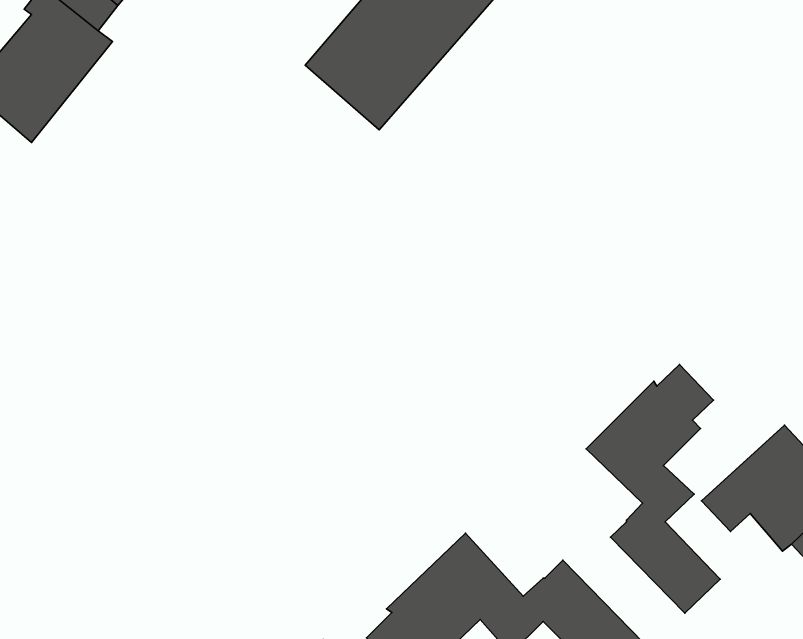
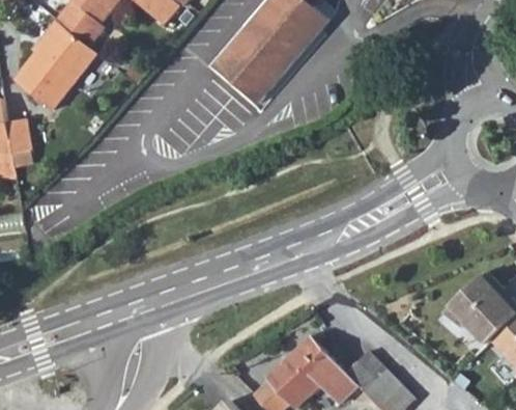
building: [586,365,720,613] -> none

